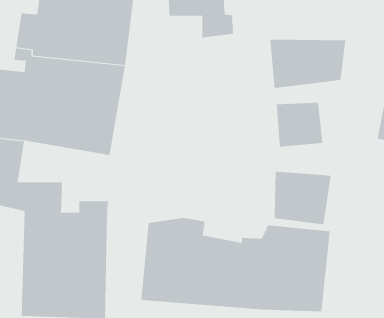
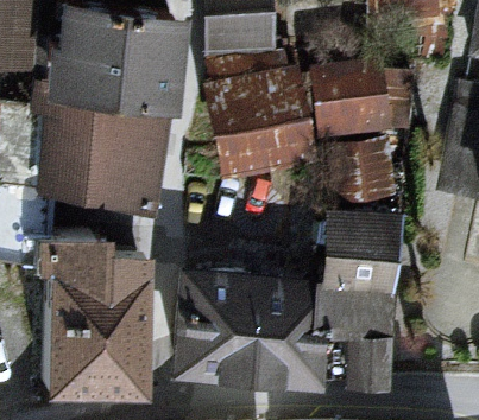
building: none -> [220,82,317,176]

